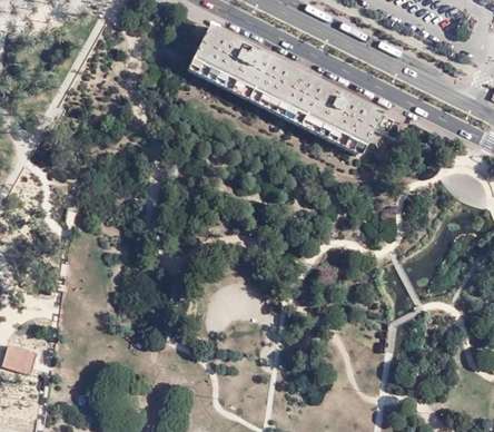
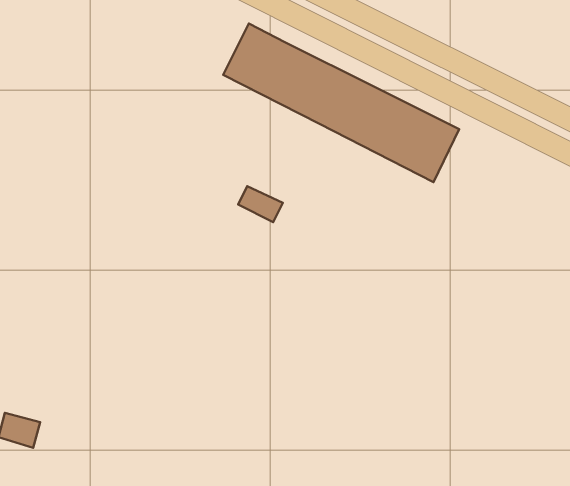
building: none -> [238,186,283,222]

